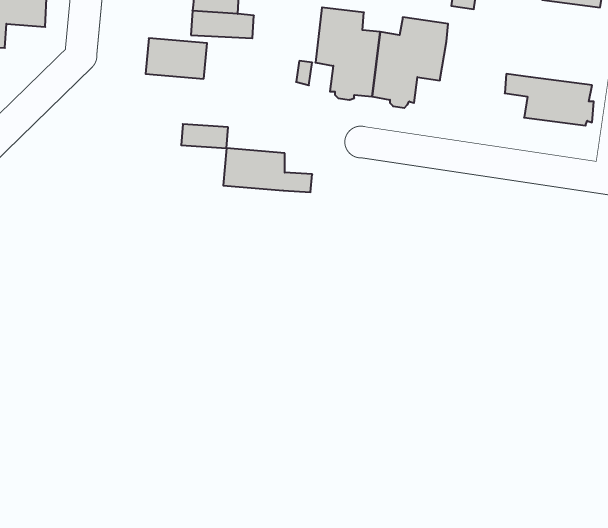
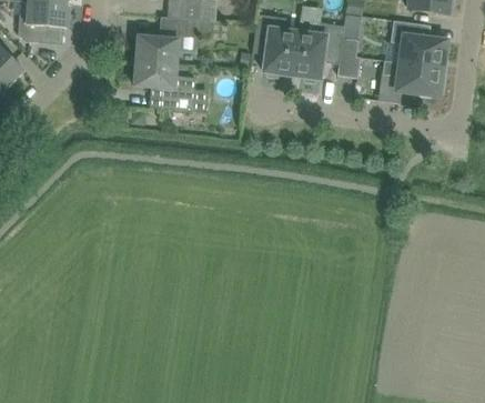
building: none -> [390,20,445,68]
building: none -> [336,38,360,78]
building: [223,148,312,192] -> [133,60,194,90]

